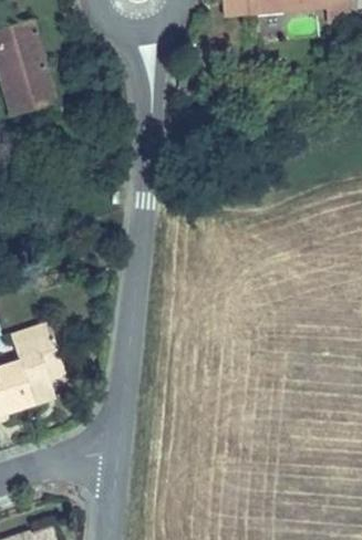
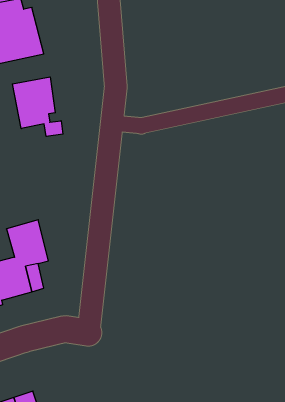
building: none -> [12,77,63,136]

